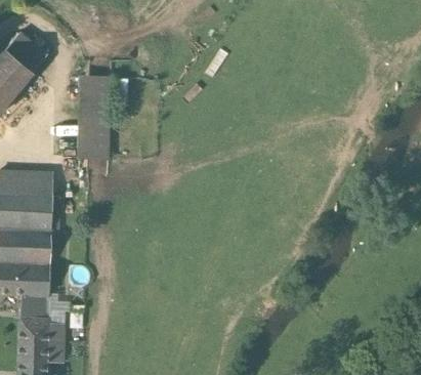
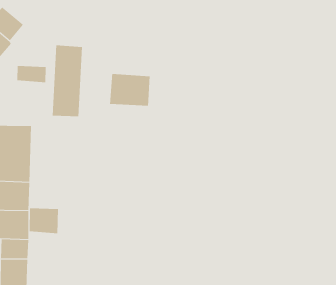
building: none -> [17,65,46,83]
building: none -> [109,73,150,106]
building: none -> [29,207,58,234]

